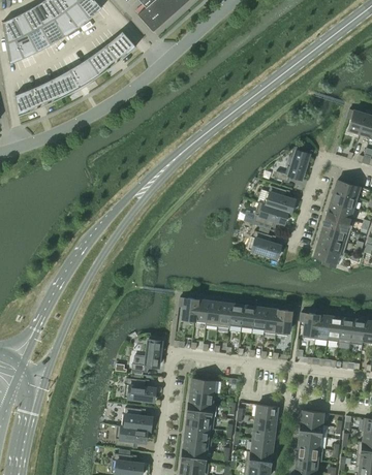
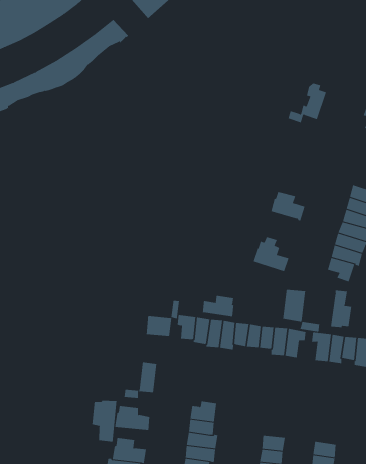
building: [275,147,310,183] -> [288,83,327,123]
building: [254,202,288,227] -> none
building: none -> [283,289,320,333]
building: none -> [331,289,352,328]
building: none -> [202,295,234,317]
building: none -> [146,300,180,337]
building: none -> [92,400,117,442]

